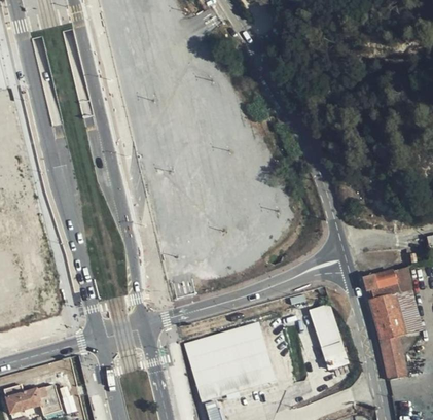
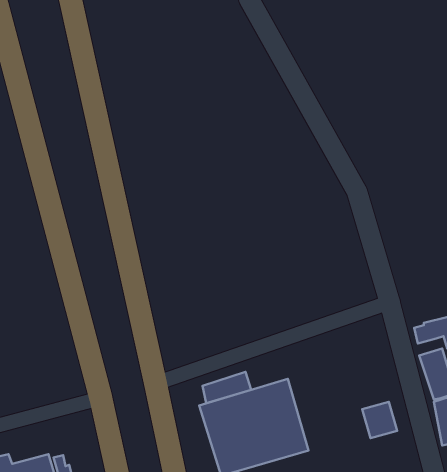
building: [310,305,344,347] -> none
building: none -> [203,372,251,403]

